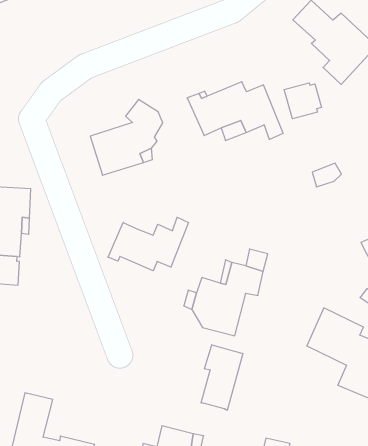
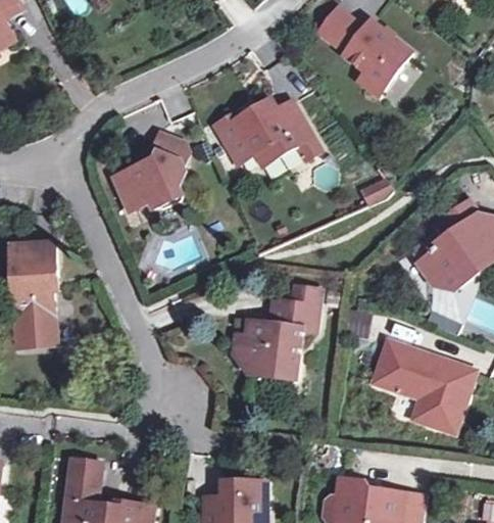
building: [284,83,321,119] -> none
building: [108,217,188,271] -> none
building: [201,345,243,410] -> none

